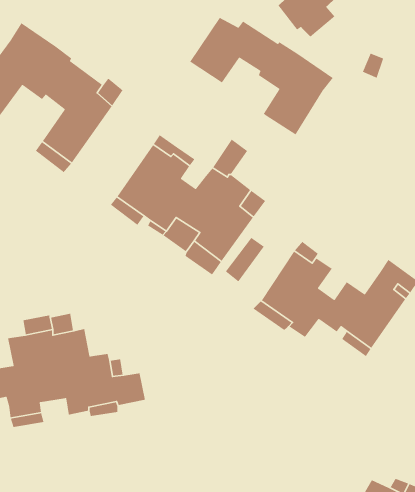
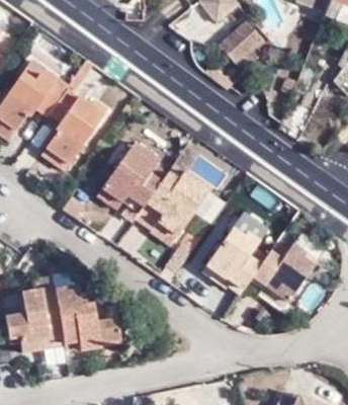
building: [189,17,334,135] -> none

